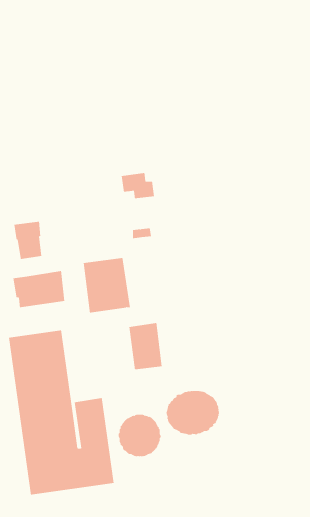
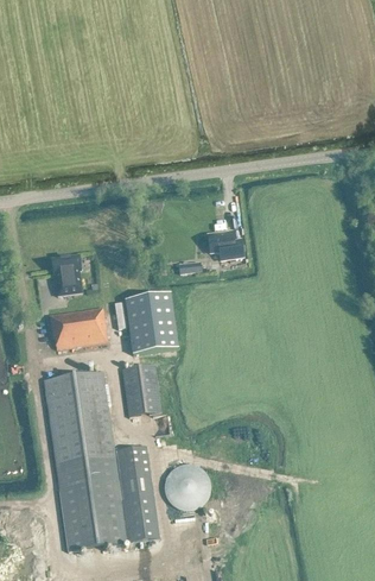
building: [121,172,155,199] -> [206,230,243,259]
building: [129,323,163,370] -> [122,365,159,416]
building: [166,390,219,436] -> none

